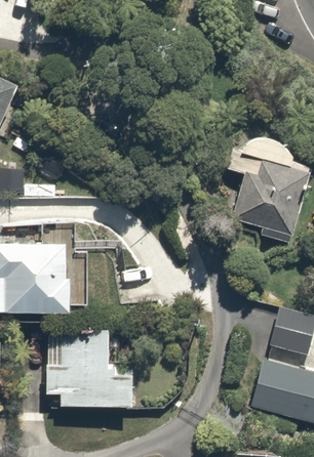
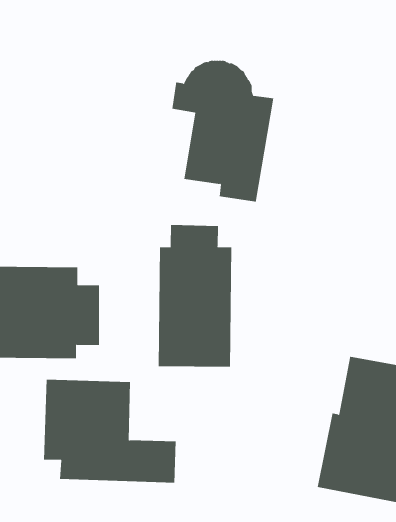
building: [226,134,304,242] -> [171,60,274,202]
building: none -> [158,224,232,367]

